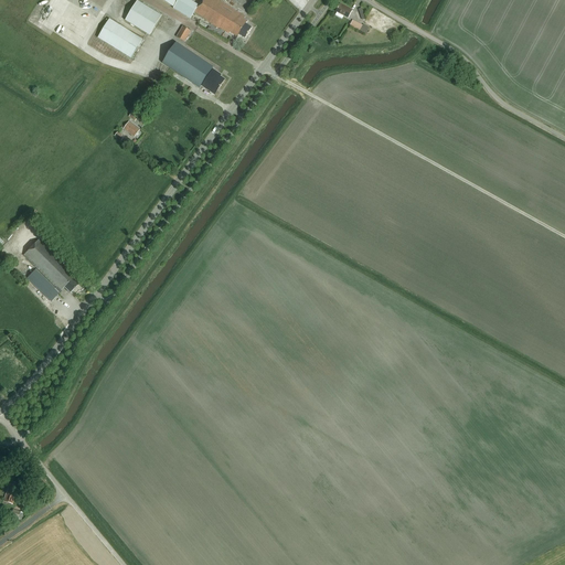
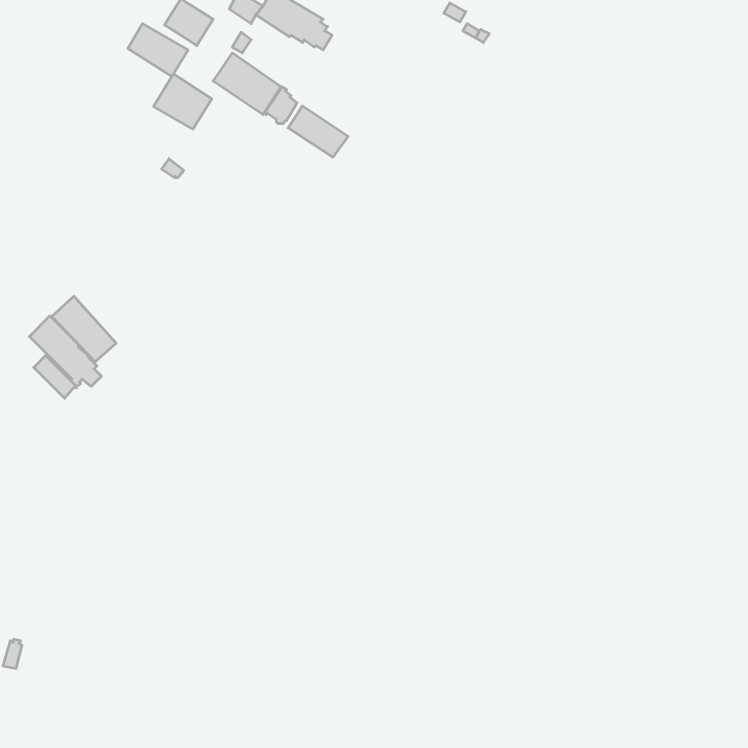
building: none -> [154,74,212,129]
building: none -> [288,106,348,157]
building: none -> [52,296,116,362]

